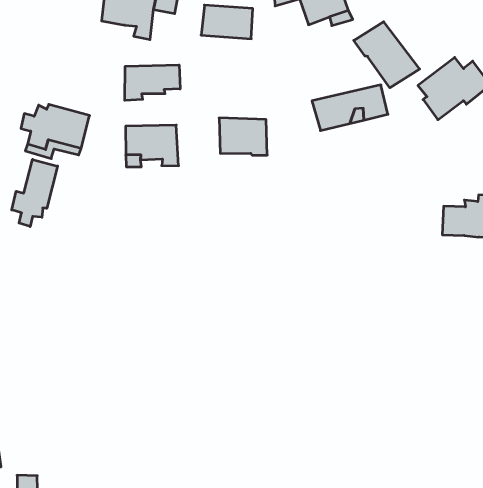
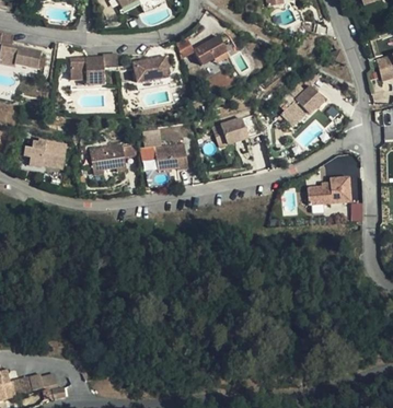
building: [354,22,420,88] -> none
building: [125,65,180,100] -> none
building: [12,159,58,227] -> none

